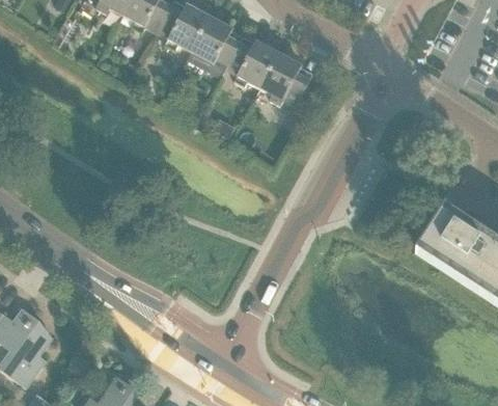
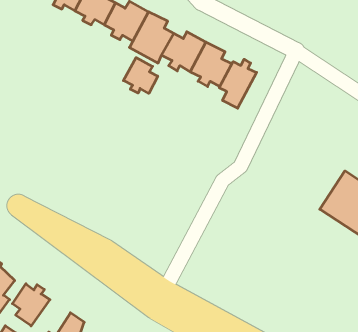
building: none -> [123,58,158,93]
building: none -> [219,59,257,108]
building: none -> [12,284,50,326]

